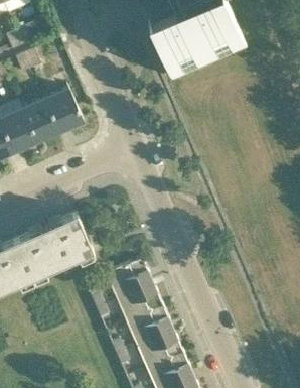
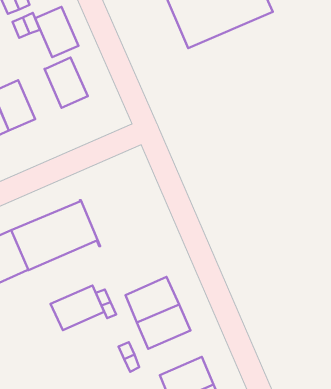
building: [21,99,59,143] -> [35,7,79,57]
building: [105,259,152,298] -> [50,286,104,330]
building: [136,330,183,369] -> none

